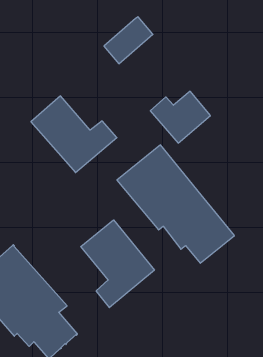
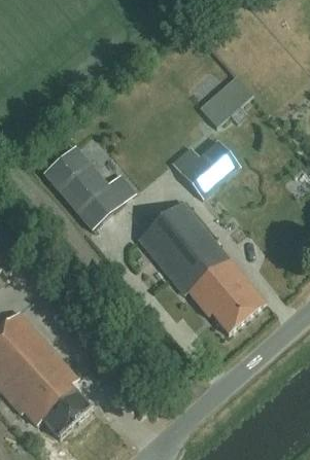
building: [104,17,153,64] -> [198,74,252,127]
building: [81,220,154,308] -> none

